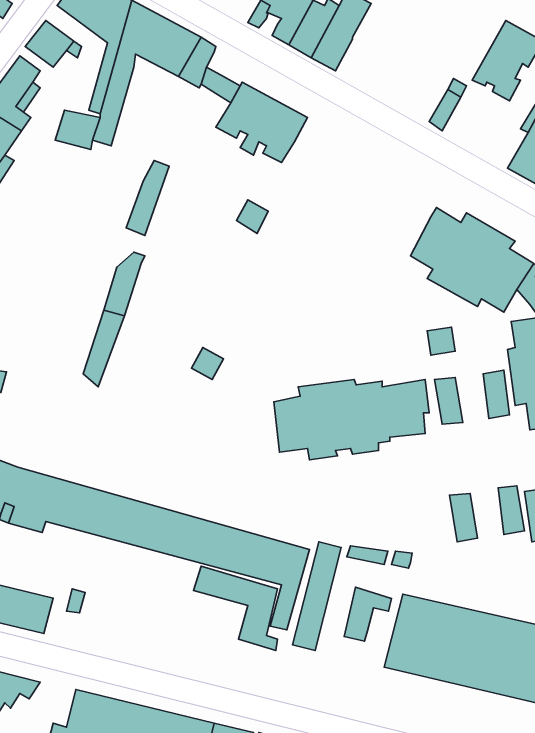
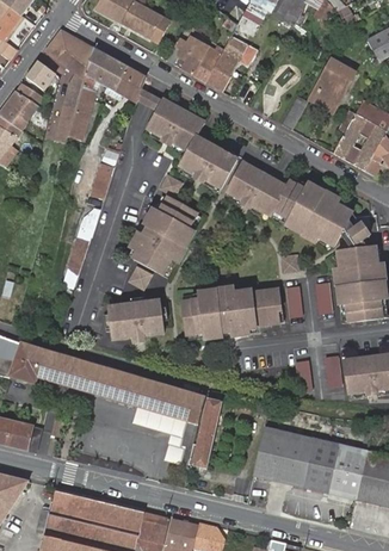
building: none -> [180,137,236,188]
building: none -> [226,162,283,215]
building: none -> [131,198,198,276]
building: none -> [109,301,165,343]
building: [344,587,392,641] -> none

